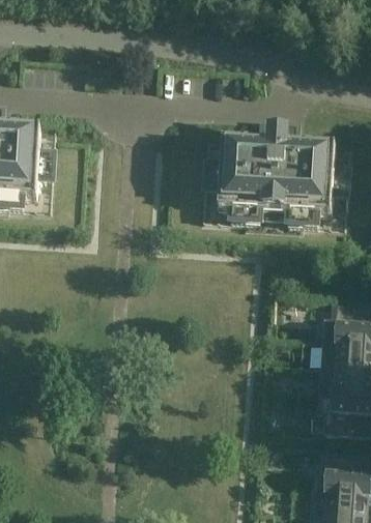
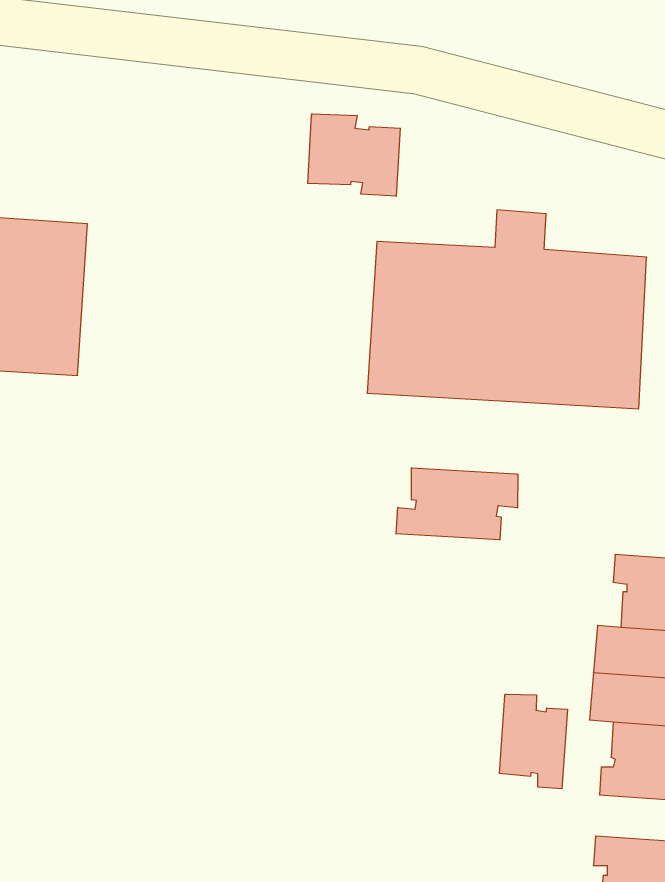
building: none -> [308,114,400,196]
building: none -> [396,468,518,540]
building: none -> [500,694,567,789]

